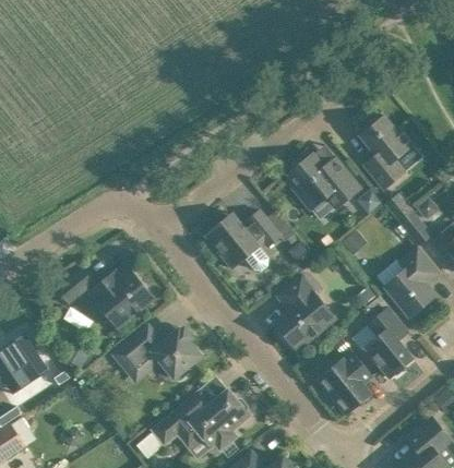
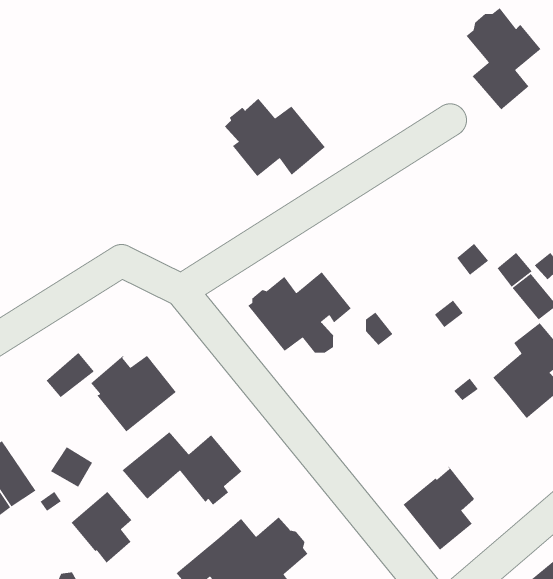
building: [359,115,415,190] -> [465,7,542,110]
building: [287,153,361,211] -> [224,98,326,177]
building: [274,276,336,350] -> none
building: [365,307,414,377] -> none
building: none -> [70,491,134,565]

